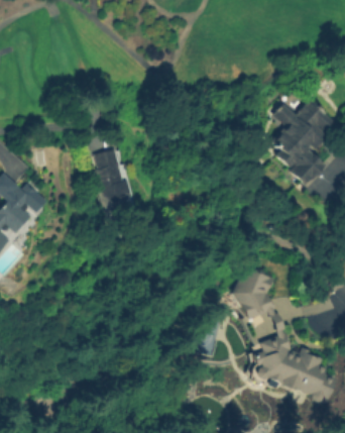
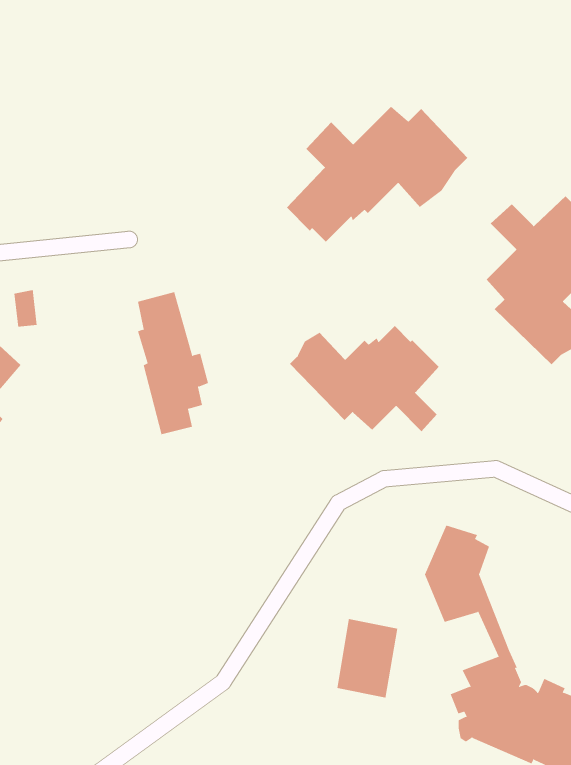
building: none -> [286,106,468,242]
building: none -> [289,325,440,432]

